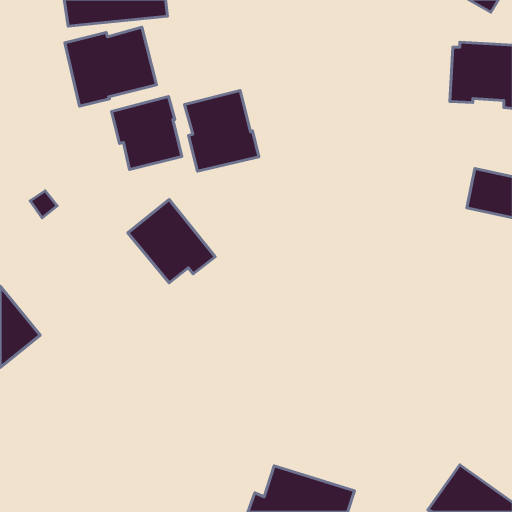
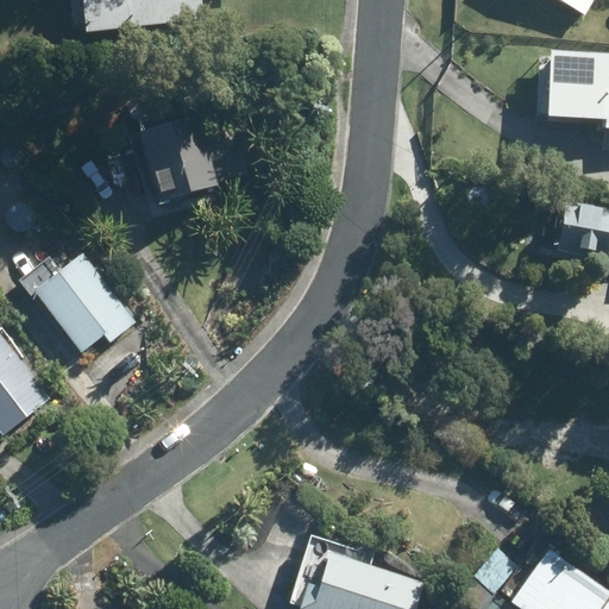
building: [65,27,156,106] -> none
building: [185,91,259,171] -> none
building: [128,200,215,283] -> [31,253,134,352]

